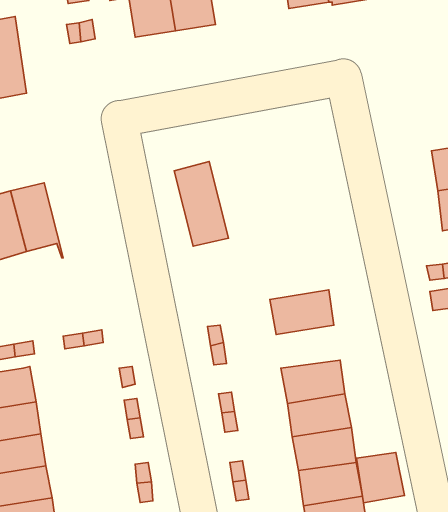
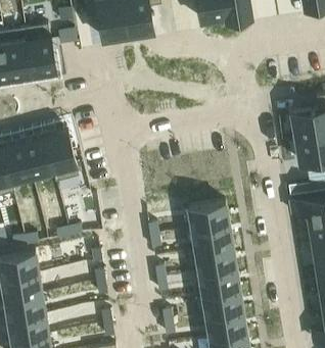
building: none -> [25,24,55,77]
building: [174,161,229,246] -> [43,128,78,182]
building: none -> [191,225,232,252]
building: [356,452,404,503] -> none

